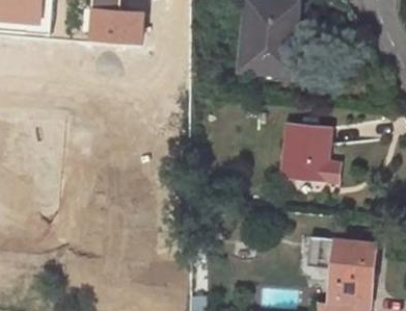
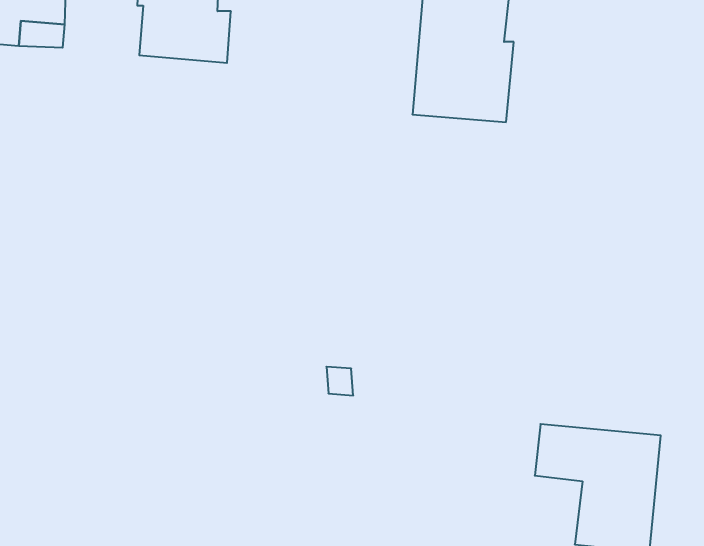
building: [281,125,340,181] -> none

